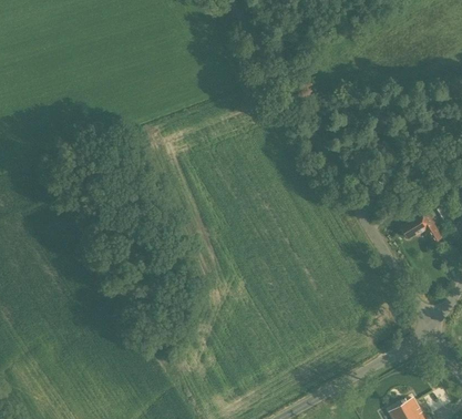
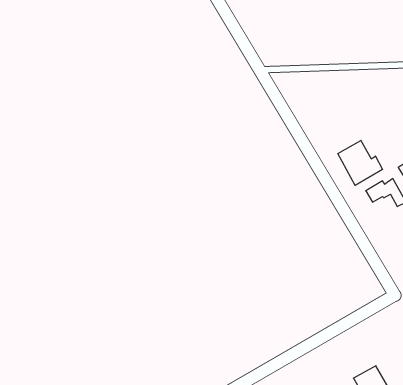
building: none -> [338,140,383,185]

